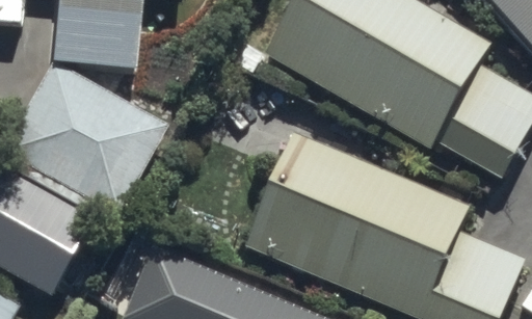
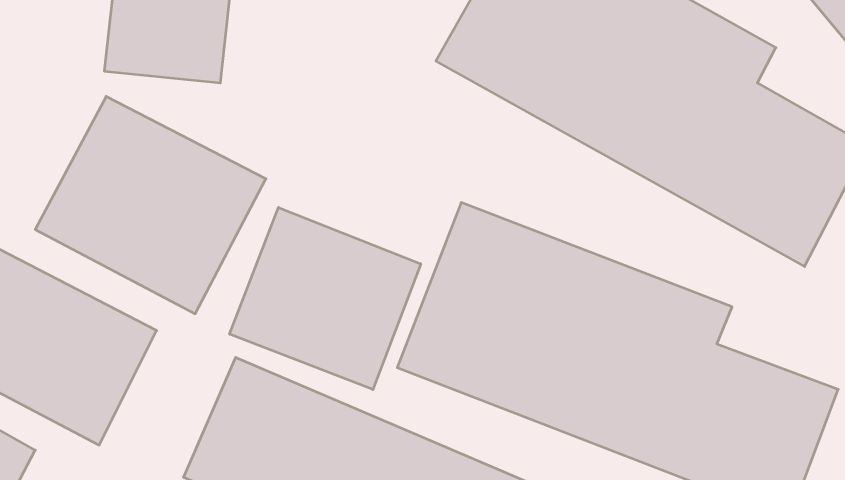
building: none -> [230,207,421,390]

